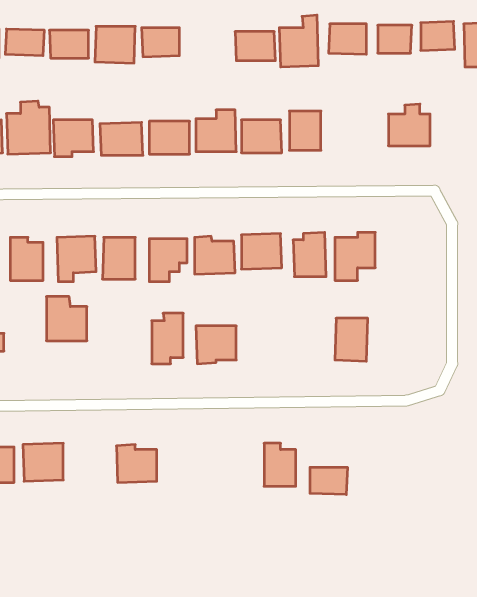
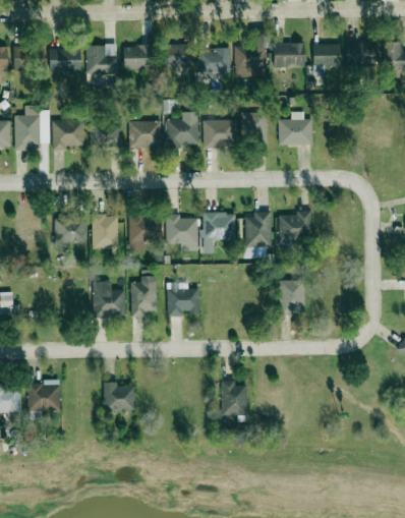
building: none -> [164,44,190,67]
building: [388,104,430,146] -> [279,111,312,145]
building: [46,297,87,341] -> [93,281,125,316]
building: [310,467,347,495] -> none

